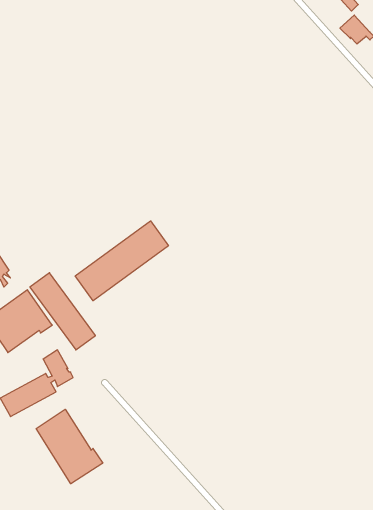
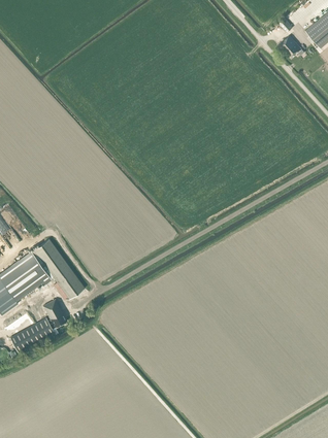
building: [75,221,168,301] -> none
building: [36,409,103,484] -> none

